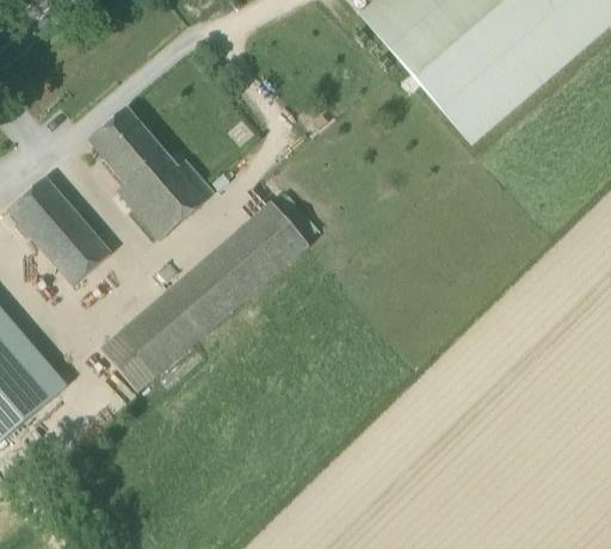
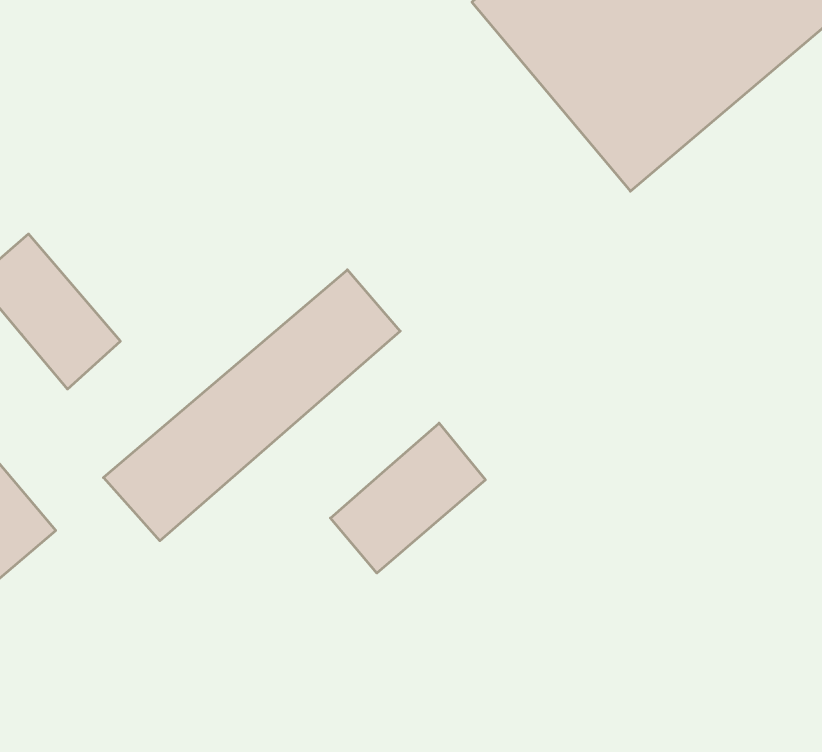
building: [90,109,214,239] -> none
building: none -> [330,423,485,573]

